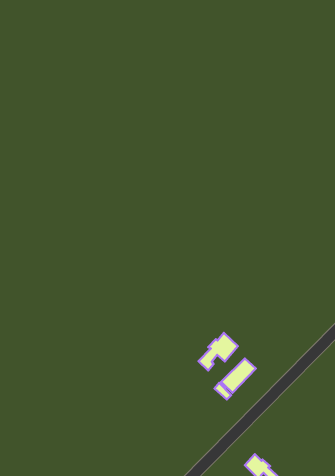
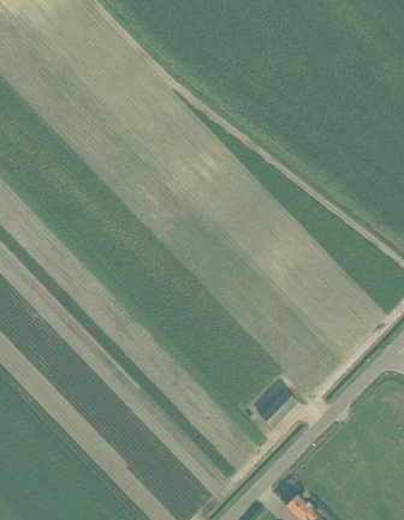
building: [199,333,238,371] -> none

